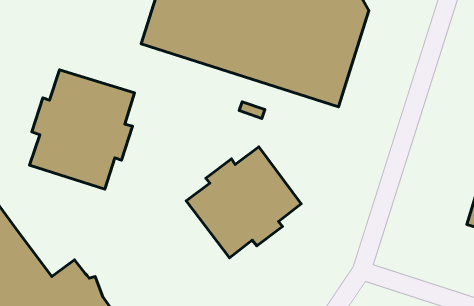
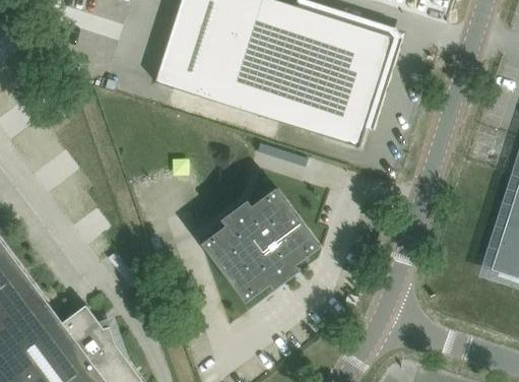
building: [30,70,135,189] -> none

